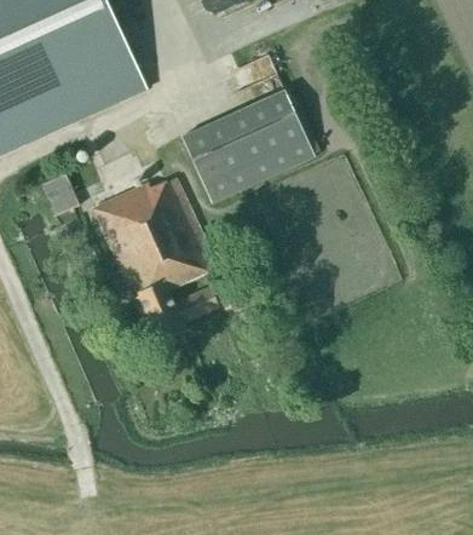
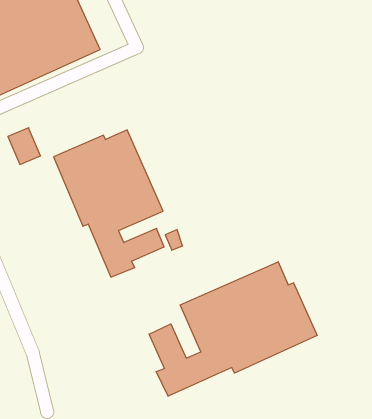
building: [183,87,317,201] -> none
building: none -> [149,262,317,396]

